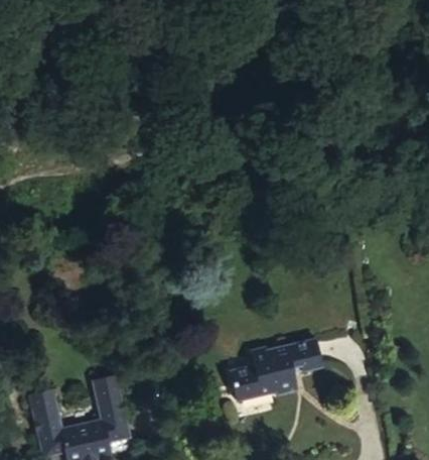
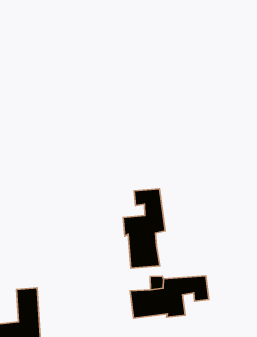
building: none -> [123,189,165,268]

